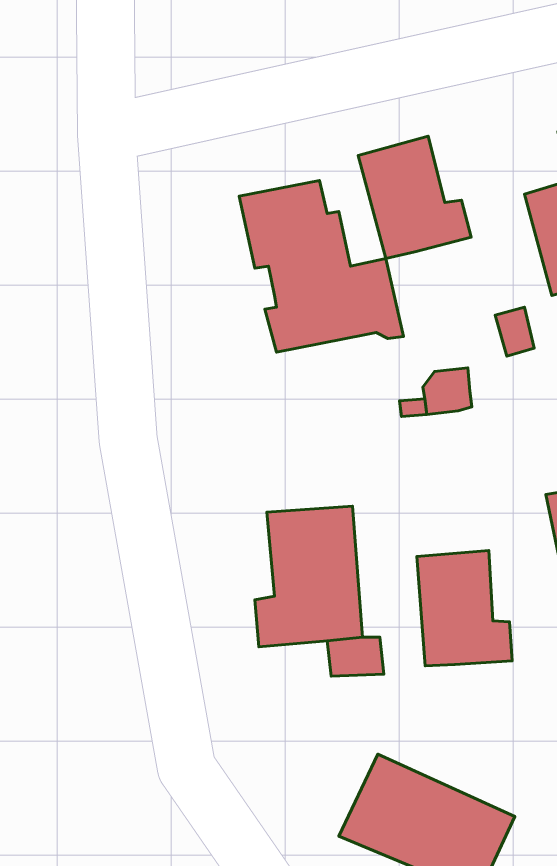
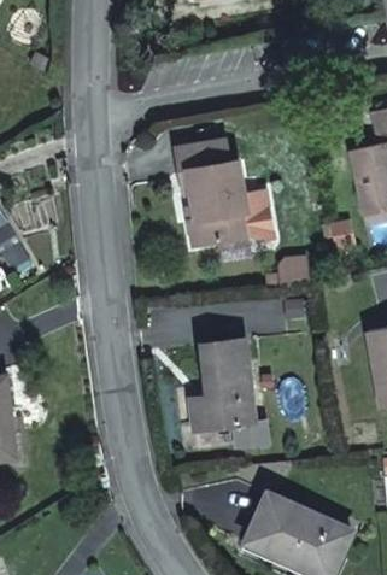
building: [358,136,471,258] -> none
building: [417,551,512,666] -> none

